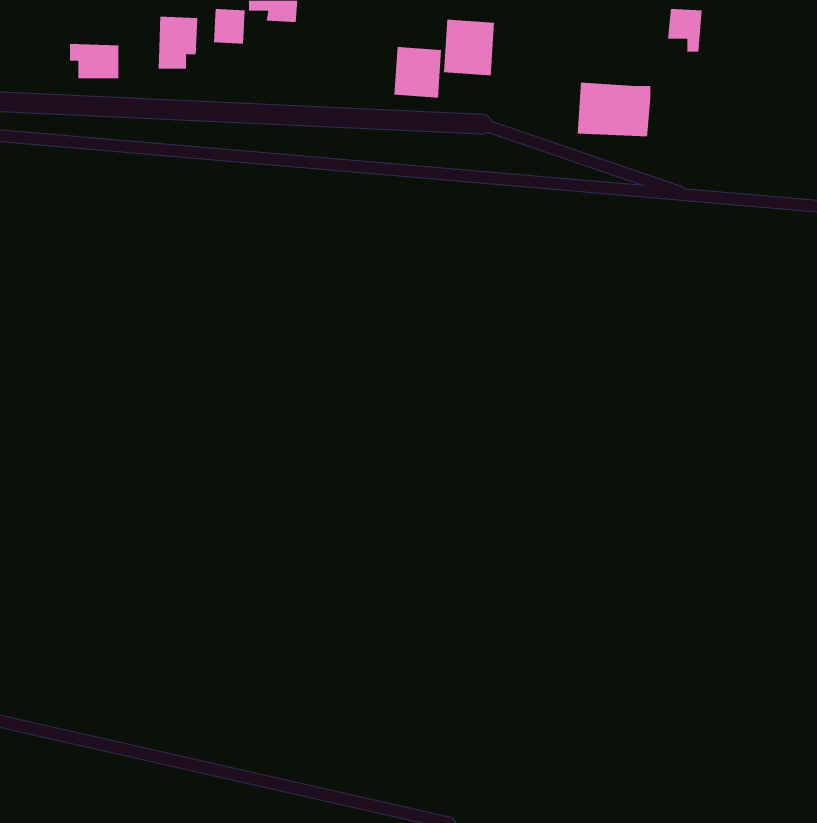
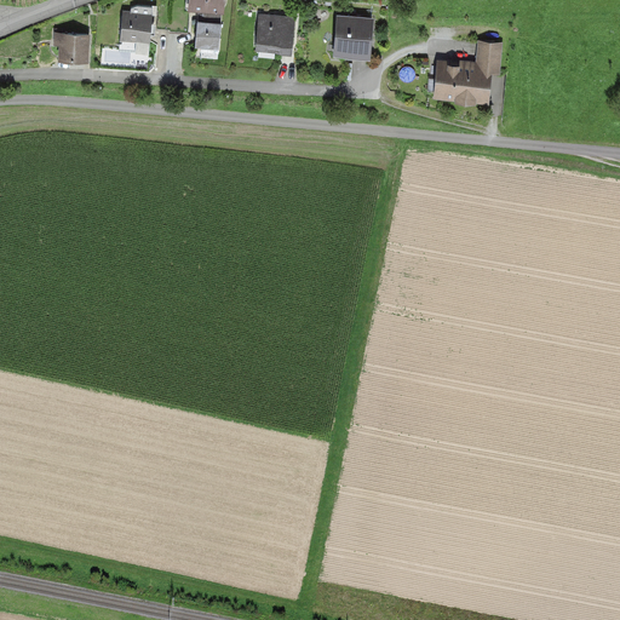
building: [667,9,703,52] -> [475,41,501,74]
building: [213,9,245,44] -> [195,22,219,48]
building: [394,47,442,98] -> [256,15,292,53]

